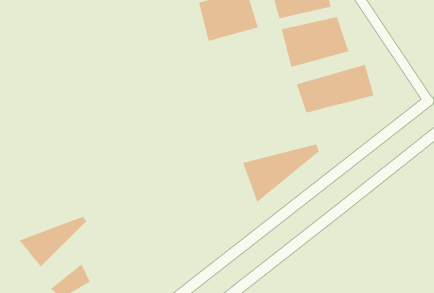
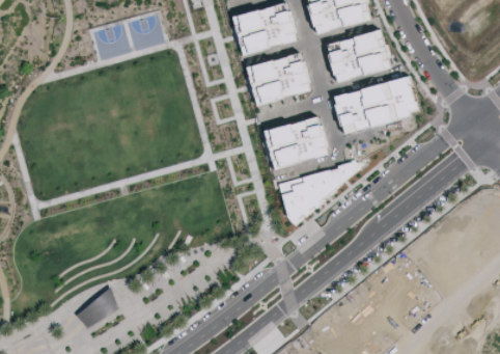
building: none -> [247,54,307,106]
building: none -> [261,112,325,168]
building: [19,216,87,267] -> none

